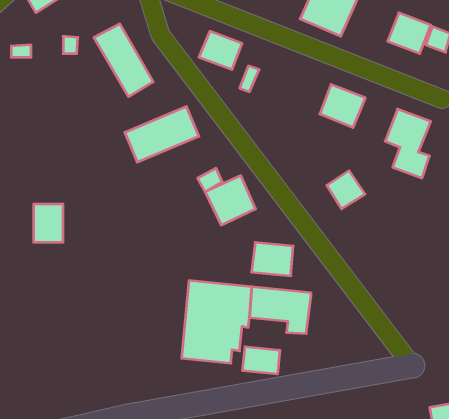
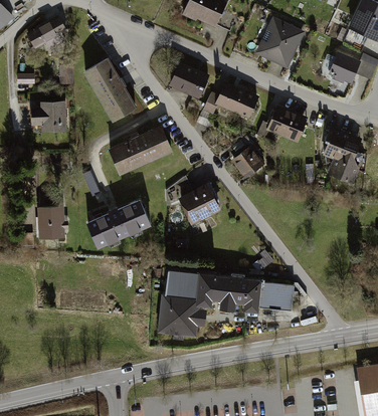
building: none -> [218,83,258,118]
building: none -> [30,102,65,132]
building: [327,171,365,209] -> [232,144,263,175]
building: none -> [90,200,151,244]
building: [251,242,293,276] -> [259,279,294,306]
building: [243,347,280,374] -> none

